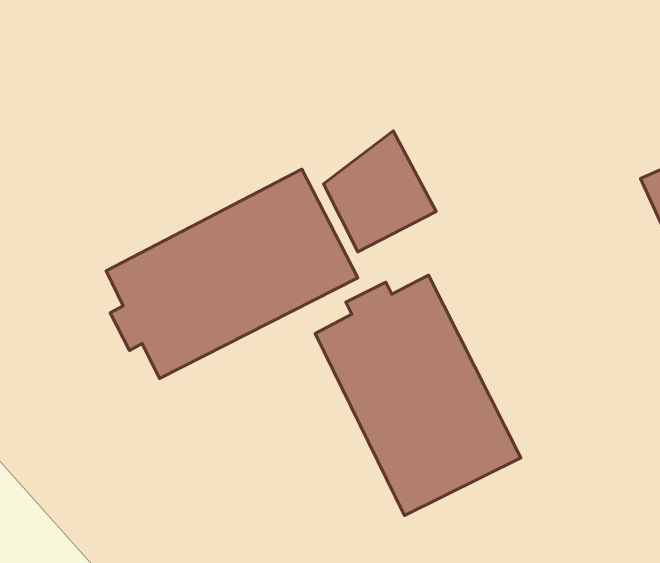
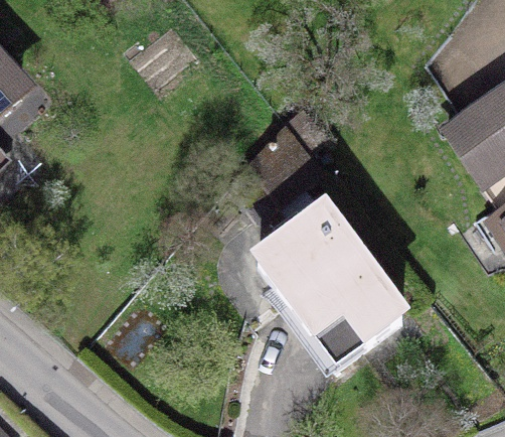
building: [106,169,358,379] -> none

